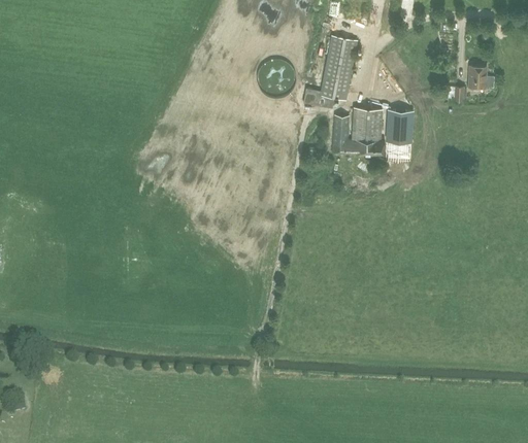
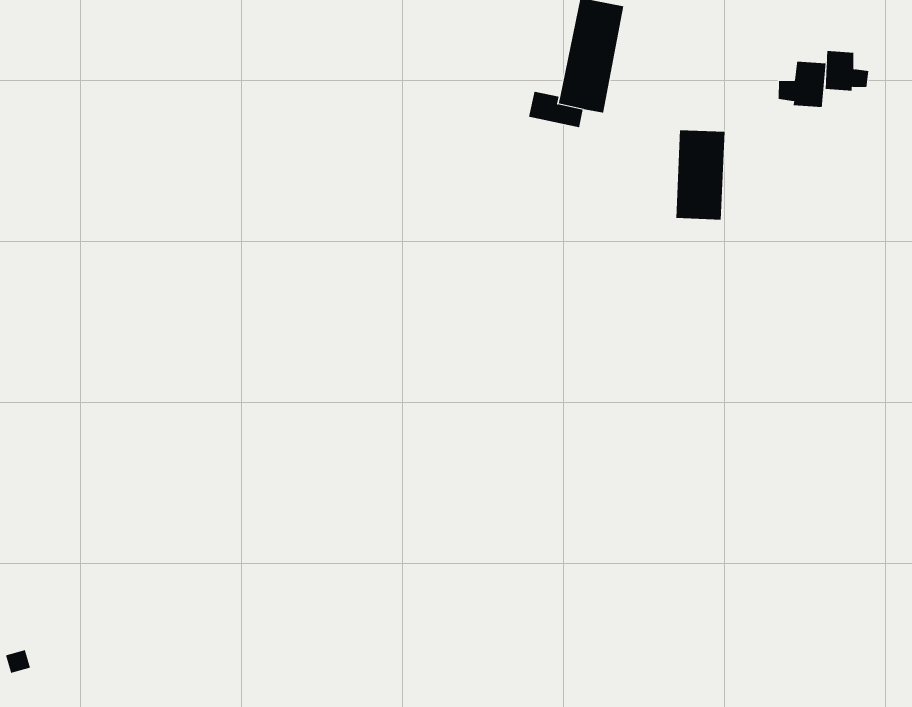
building: none -> [778,61,826,108]
building: [330,106,382,155] -> none

